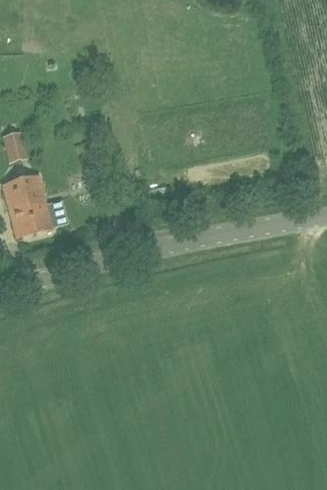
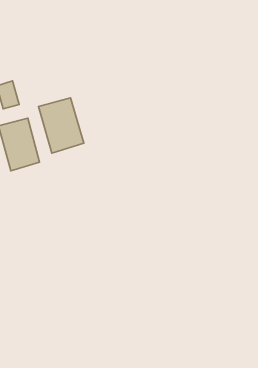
building: none -> [39,98,84,153]

